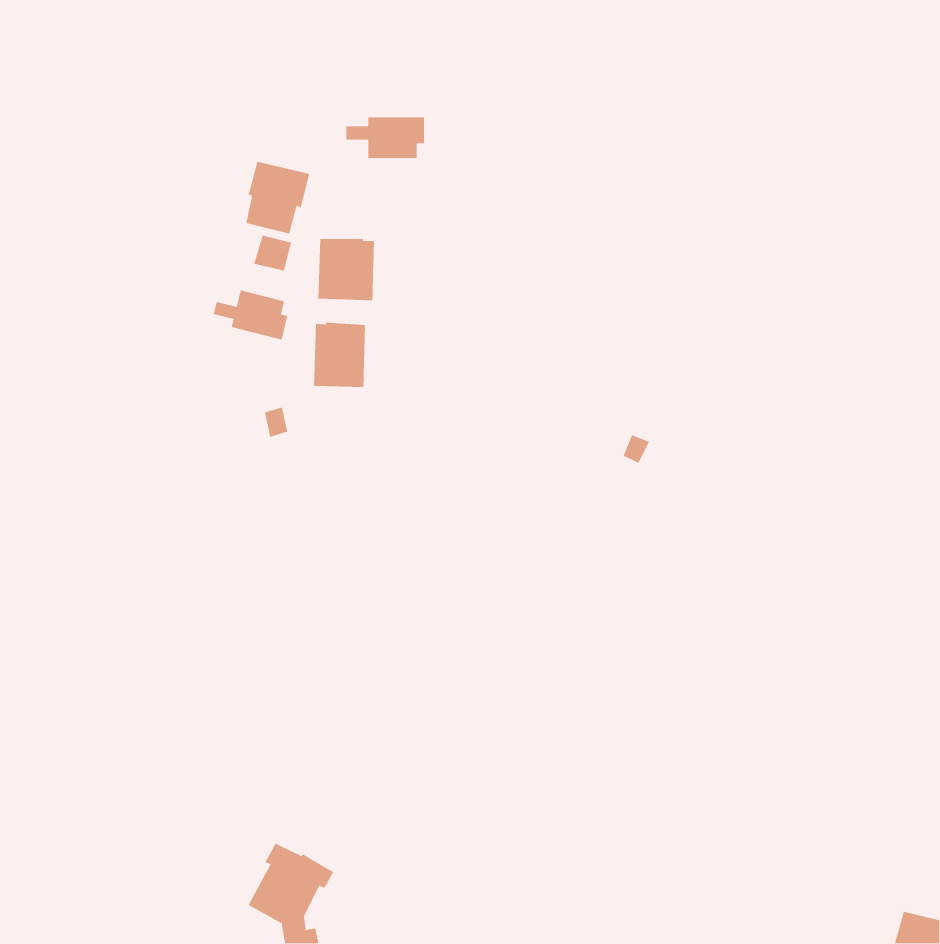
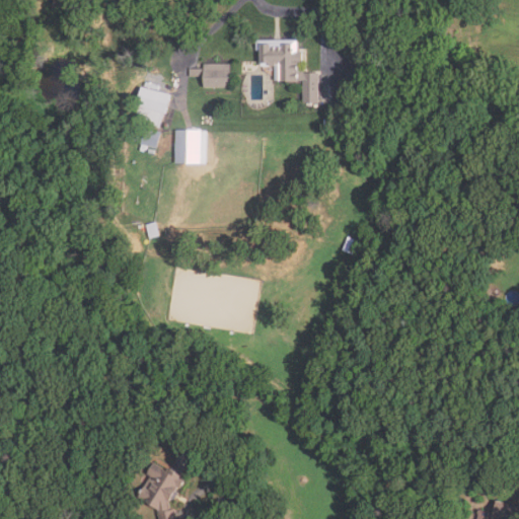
building: none -> [256,40,317,103]
building: [213,290,288,340] -> none
building: [313,322,366,388] -> none

